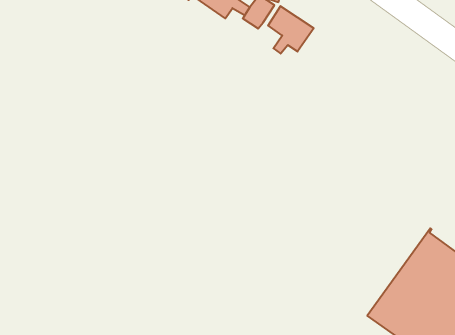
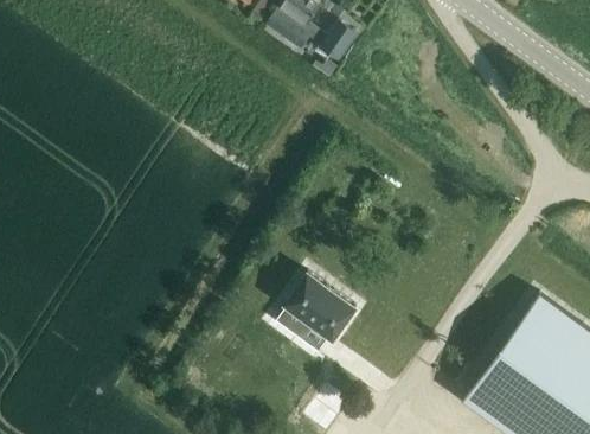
building: [268,6,314,54] -> none
building: none -> [280,273,357,340]

